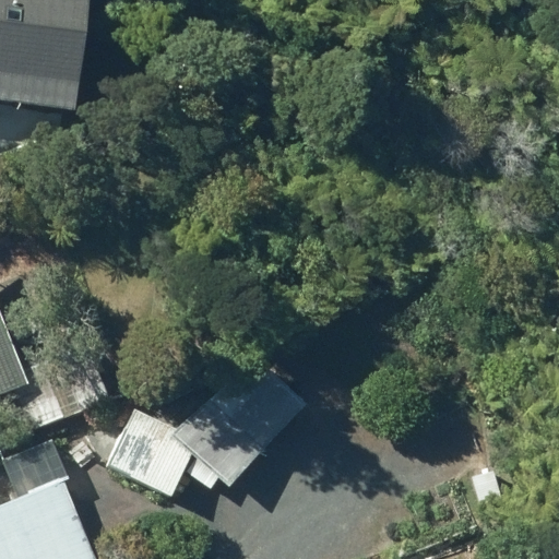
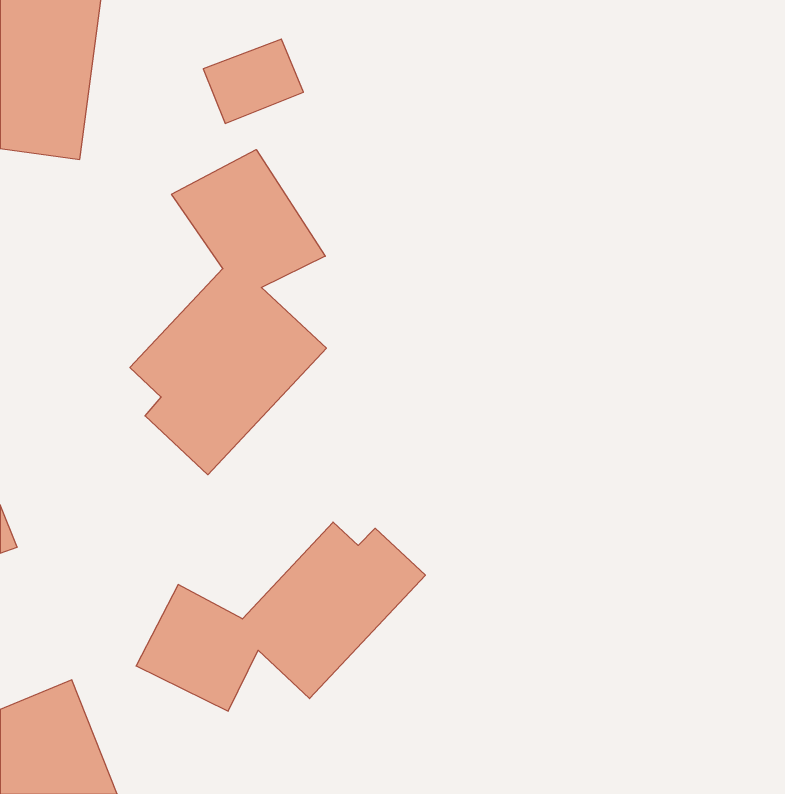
building: none -> [130,150,326,475]

